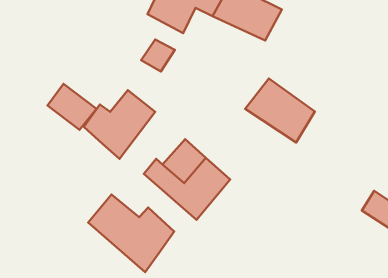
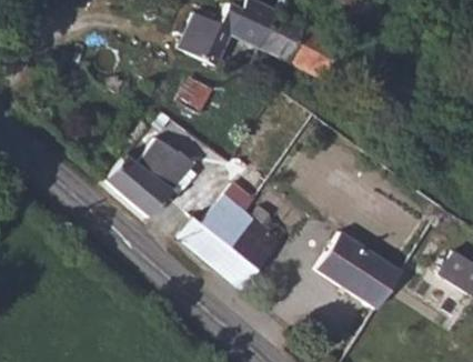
building: [245,79,315,142] -> [311,235,393,311]
building: [48,84,96,130] -> none
building: [88,195,174,272] -> none

